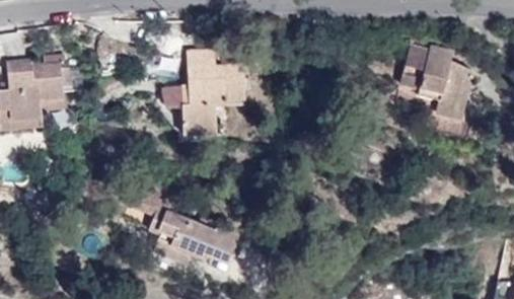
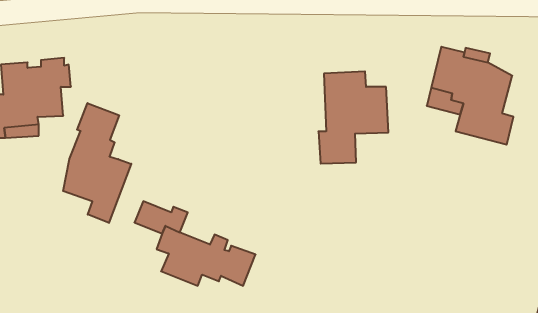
building: [181,50,245,134] -> [318,71,388,164]
building: none -> [63,103,131,223]

